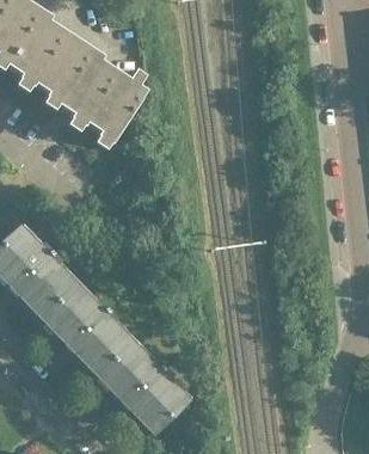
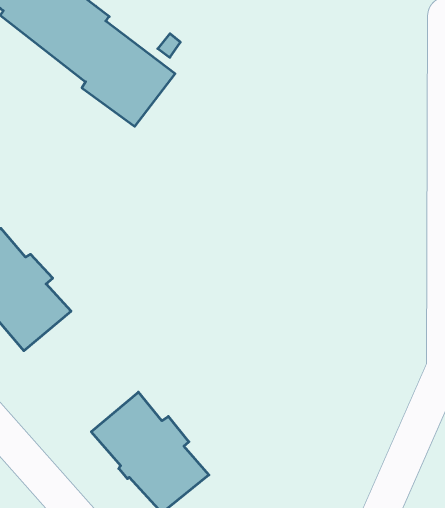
building: [39,283,128,373] -> none

